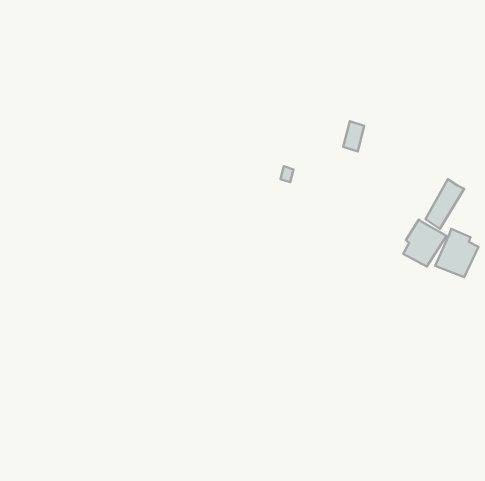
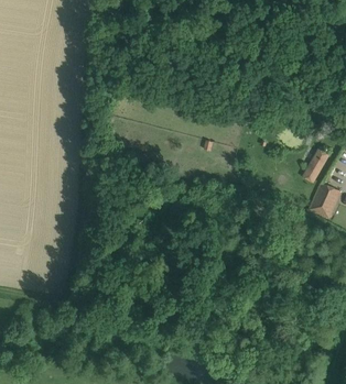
building: [403,219,446,267] -> none

